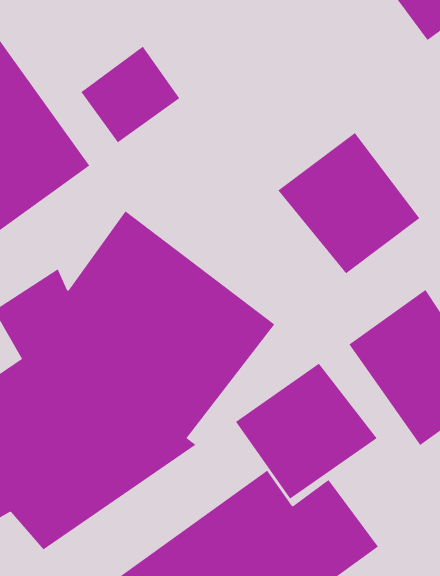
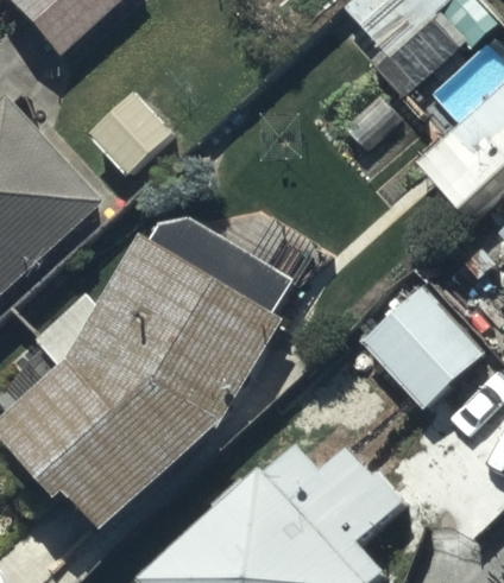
building: [277,132,420,274] -> none
building: [235,363,378,500] -> none

